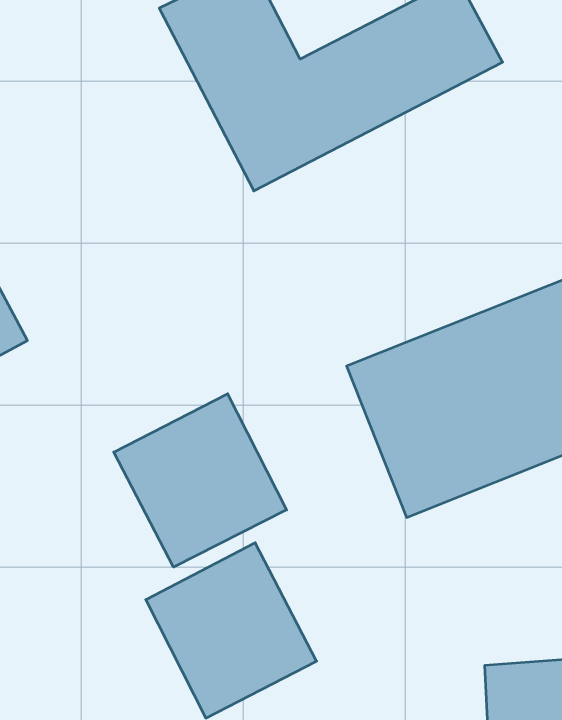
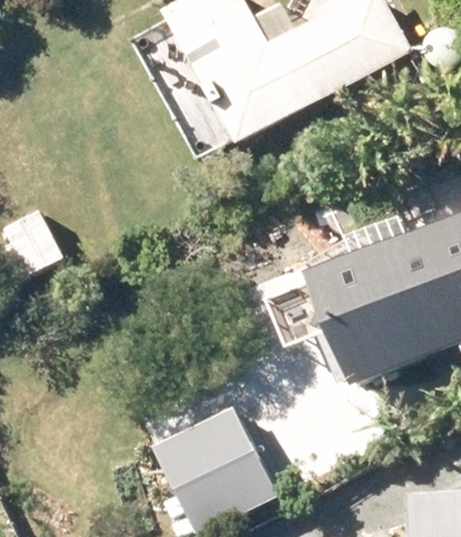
building: [114,394,287,567] -> none

